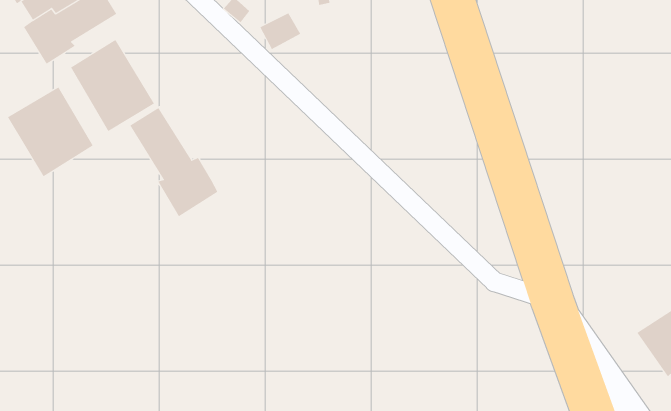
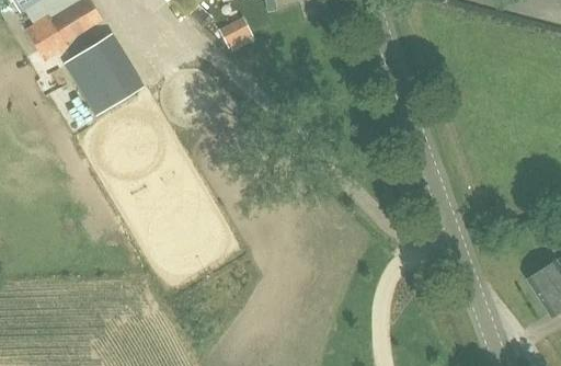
building: [7,86,93,177] -> none
building: [130,107,218,217] -> none

